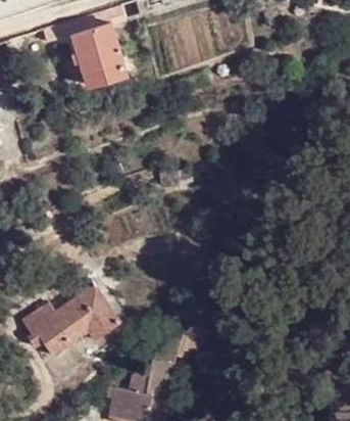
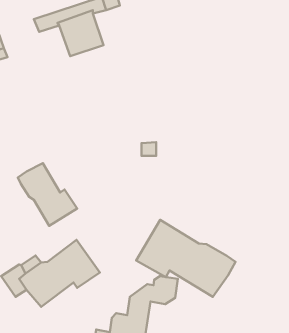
building: none -> [18,163,77,226]
building: none -> [136,220,235,297]

